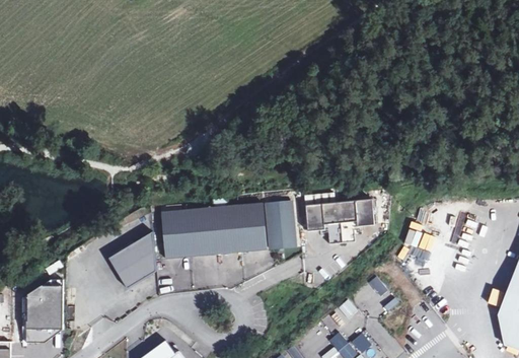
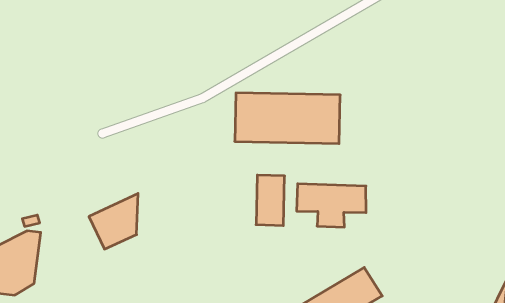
building: [161,202,266,258] -> [235,93,340,144]

